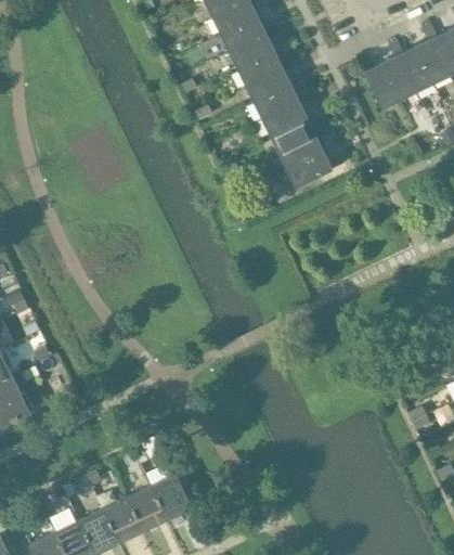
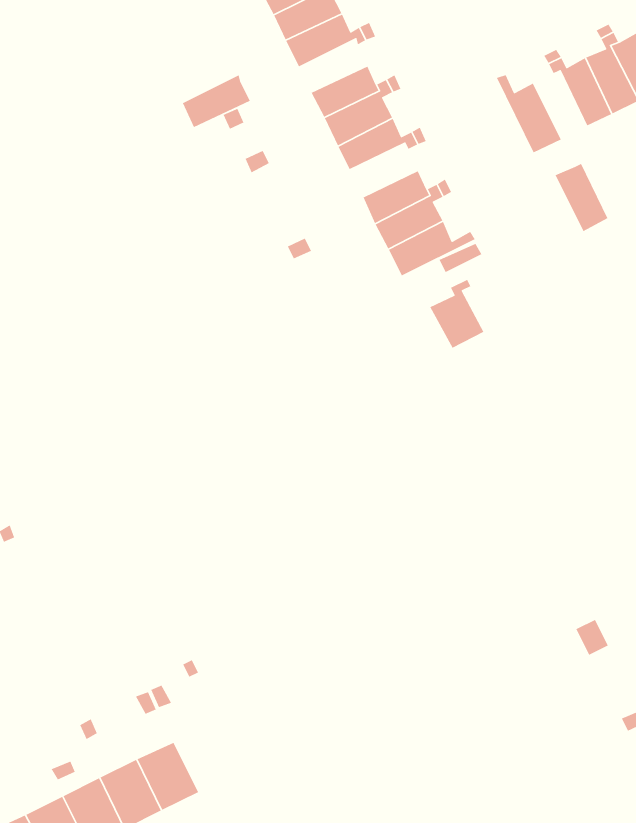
building: [230,35,274,69] -> [182,74,251,128]
building: [380,55,415,100] -> [554,163,608,232]
building: [262,102,307,137] -> none
building: none -> [429,279,484,349]
building: [150,475,190,519] -> none

